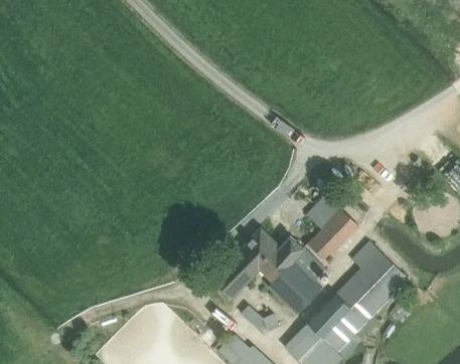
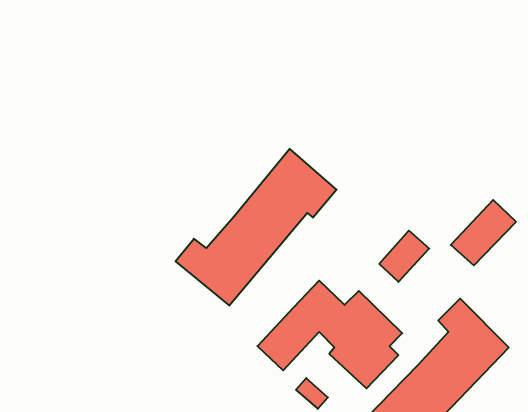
building: none -> [176,149,337,306]
building: [307,209,358,260] -> [451,200,516,265]

